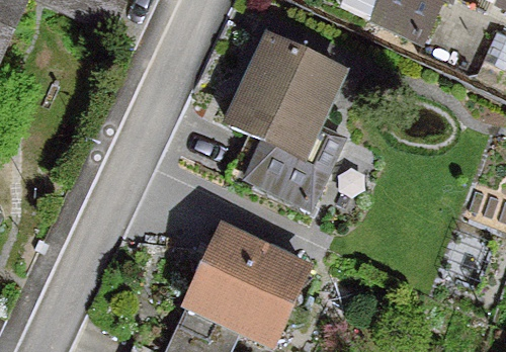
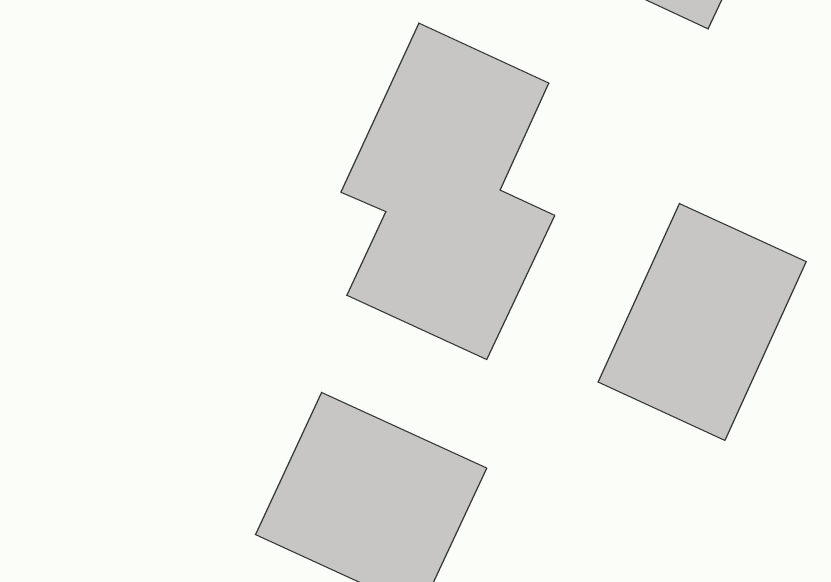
building: none -> [598,203,806,440]

